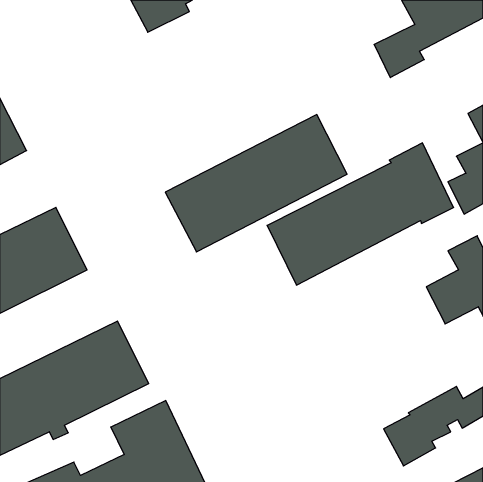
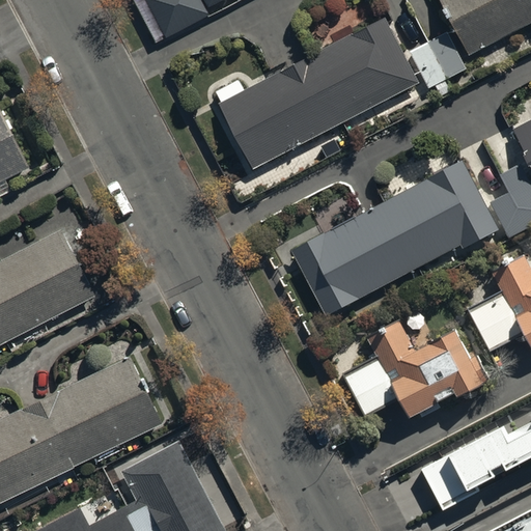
building: [165,115,347,252] -> [219,18,418,168]
building: none -> [344,327,482,421]

